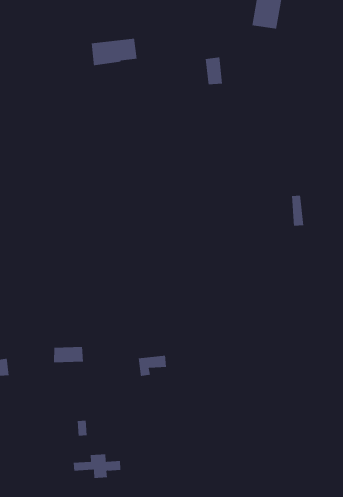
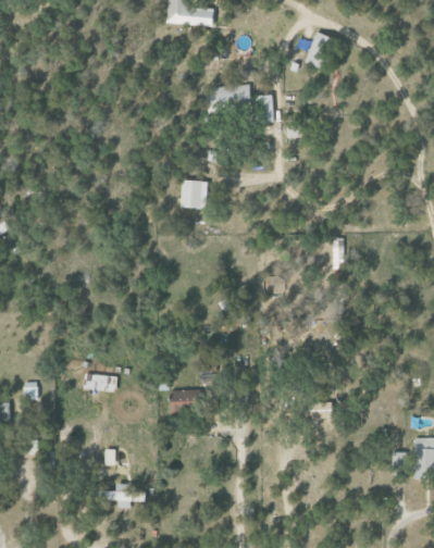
building: [91,38,137,66] -> [206,85,251,110]
building: none -> [179,180,207,208]

